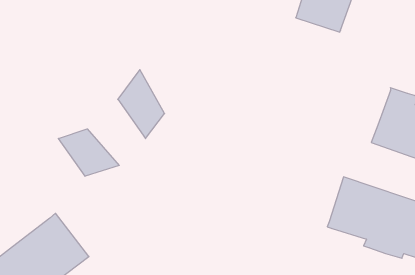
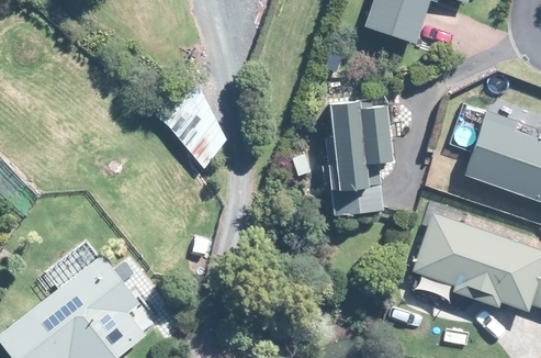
building: none -> [334,100,402,215]
building: [58,129,119,176] -> none

